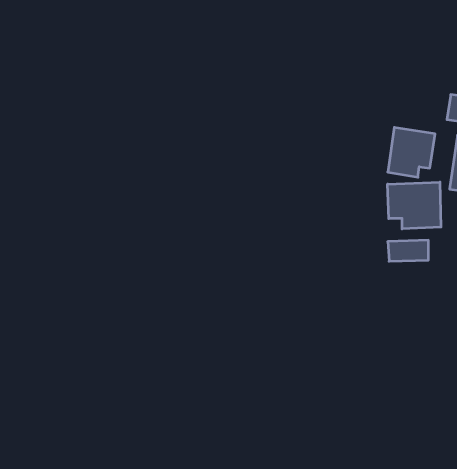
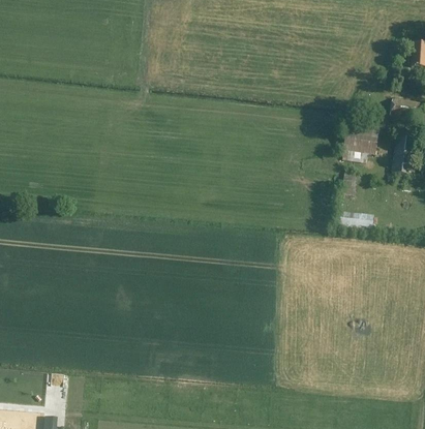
building: [388,182,441,229] -> none

